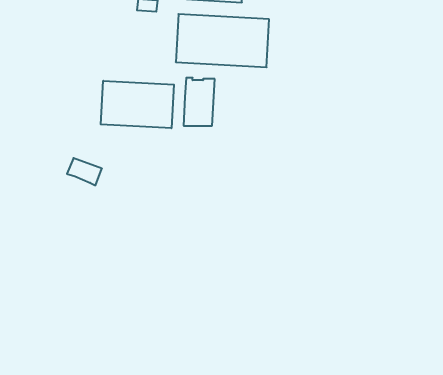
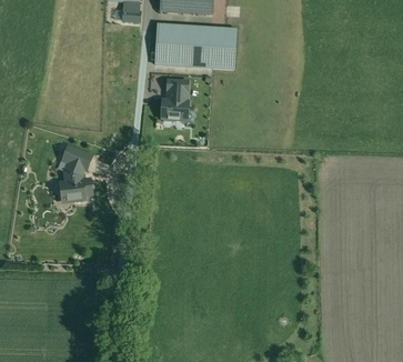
building: [101,81,174,128] -> none
building: none -> [60,162,92,200]

